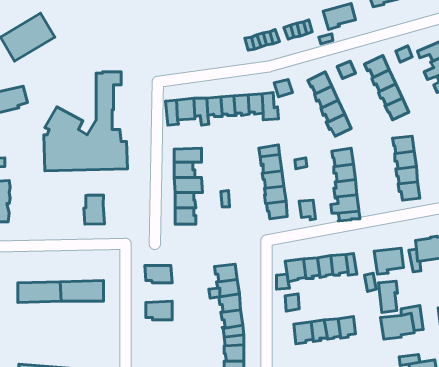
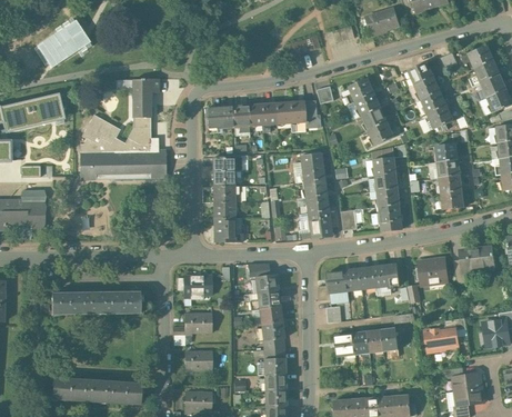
building: [84,195,104,224] -> none
building: [378,281,398,313] -> none
building: none -> [184,353,212,370]

